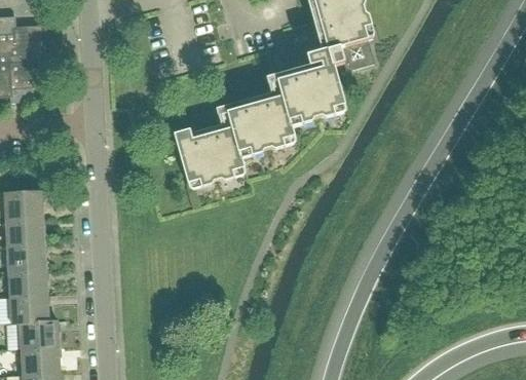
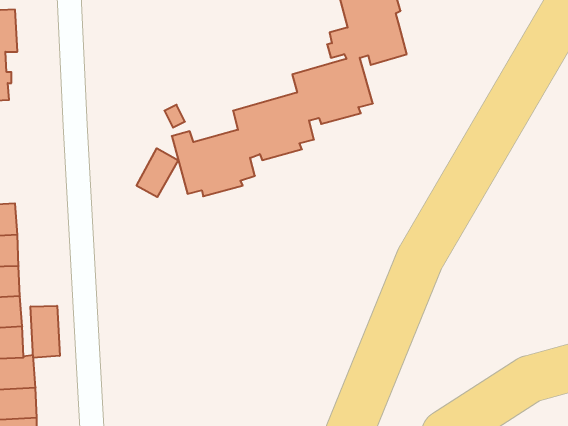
building: none -> [137,148,178,197]
building: none -> [31,306,60,358]

